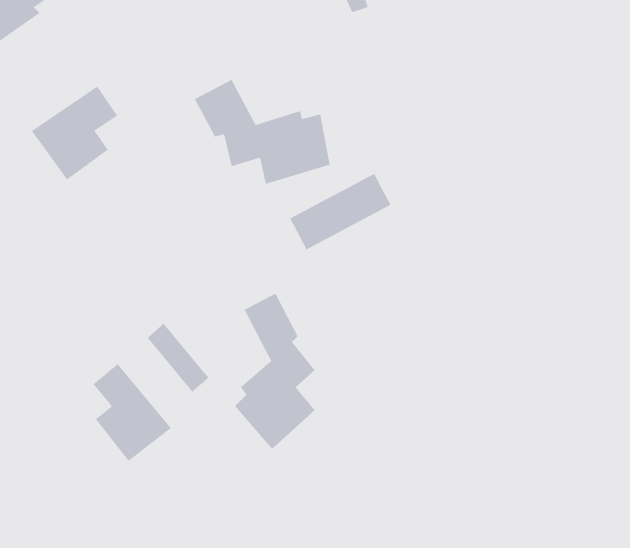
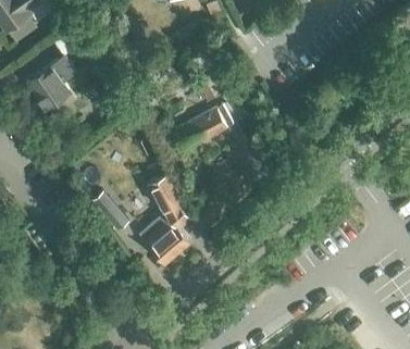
building: [194,79,330,185] -> none
building: [92,363,172,462] -> none

